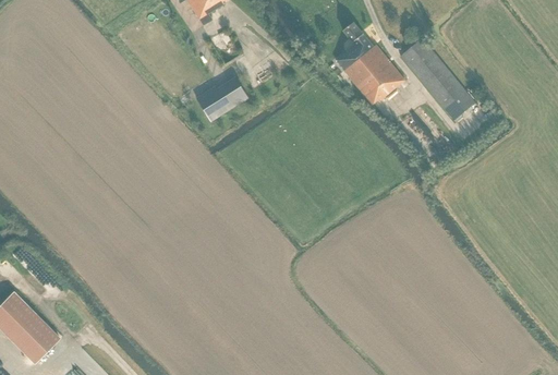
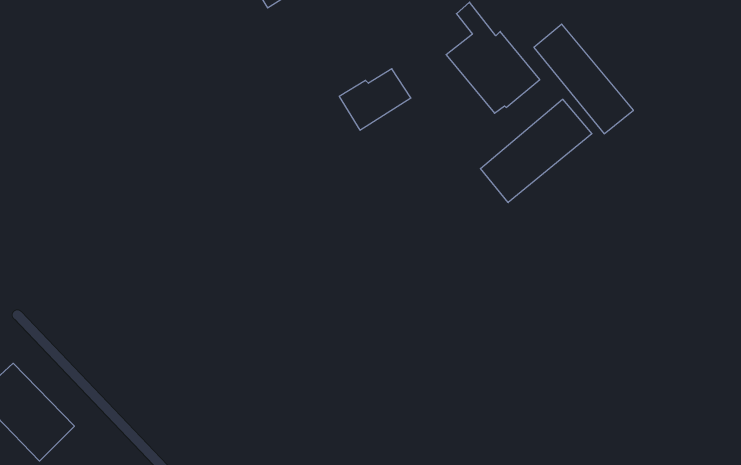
building: [195,76,248,122] -> [339,69,411,130]
building: none -> [480,99,592,203]

